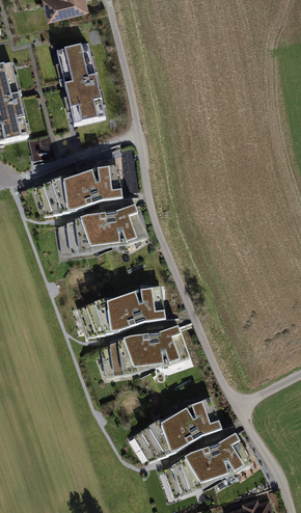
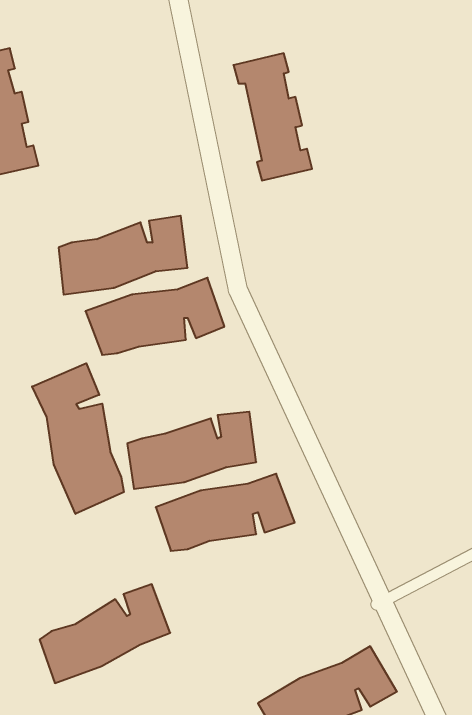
building: [56,44,105,123] -> [233,53,312,181]
building: none -> [32,363,124,514]
building: [139,398,220,459] -> [40,584,170,683]

